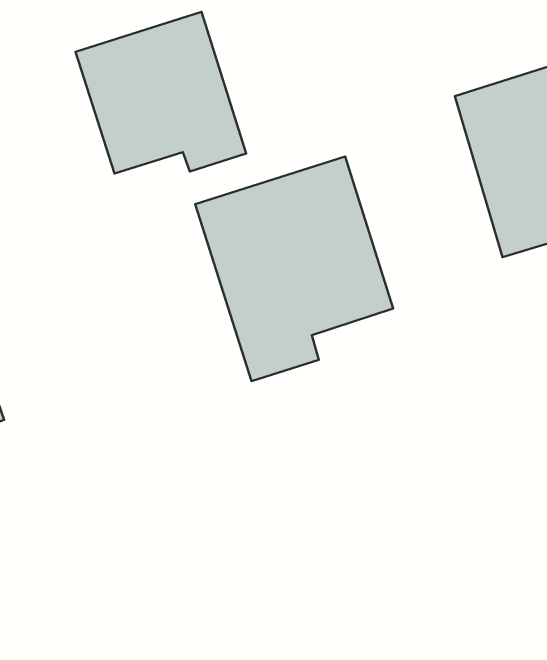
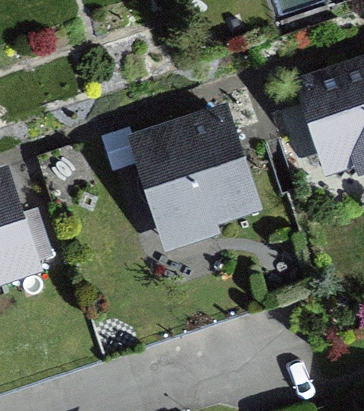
building: [75,12,246,173] -> none

